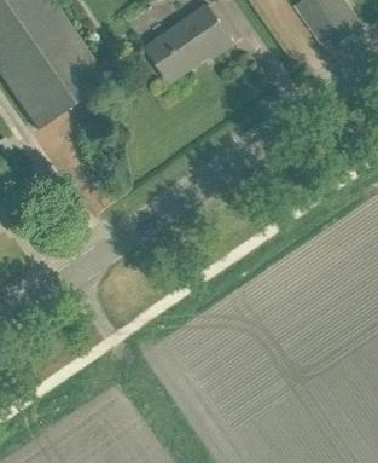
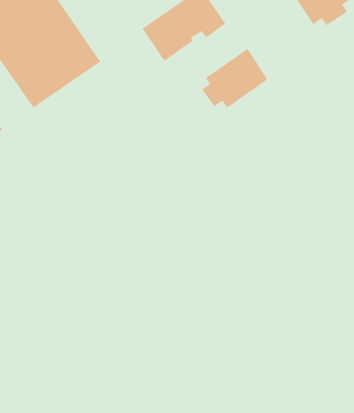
building: none -> [201,48,268,109]

